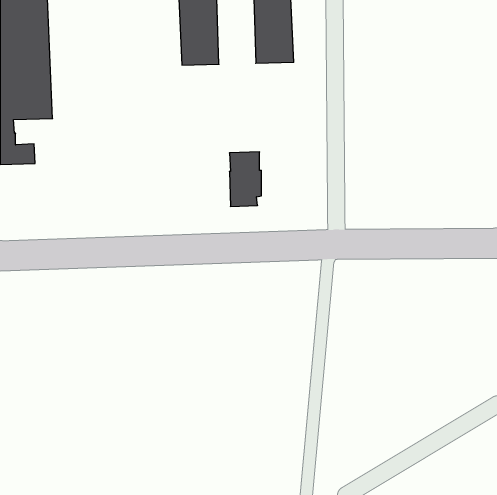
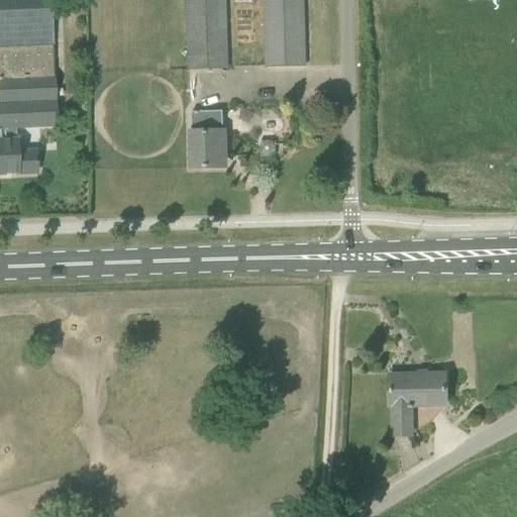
building: [229,152,261,206] -> [191,109,224,166]
building: none -> [389,373,445,434]

